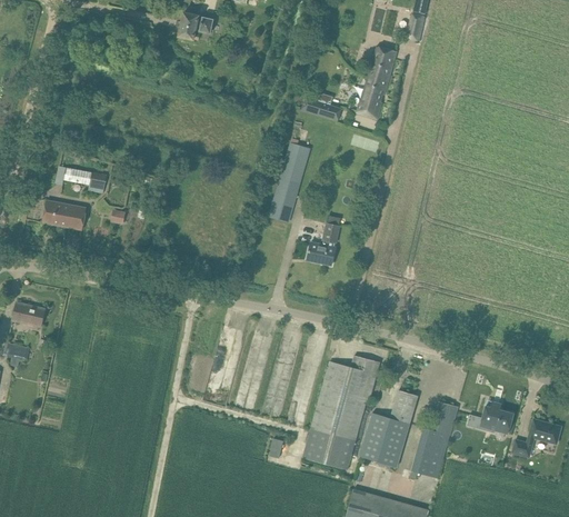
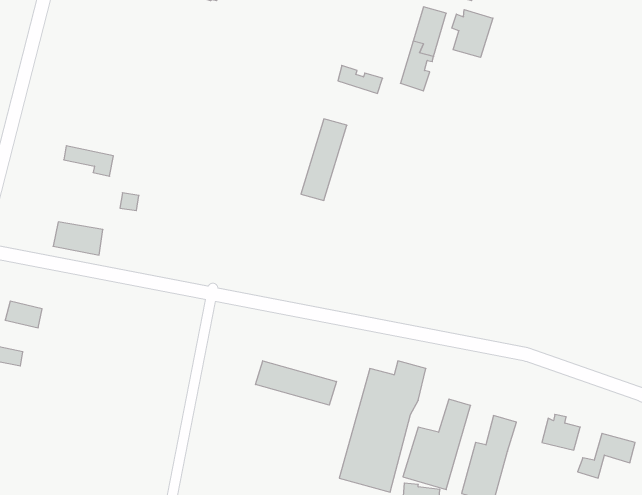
building: none -> [452,10,493,57]
building: [42,200,86,229] -> [53,222,103,255]
building: [307,222,339,265] -> none
building: none -> [256,361,336,405]

